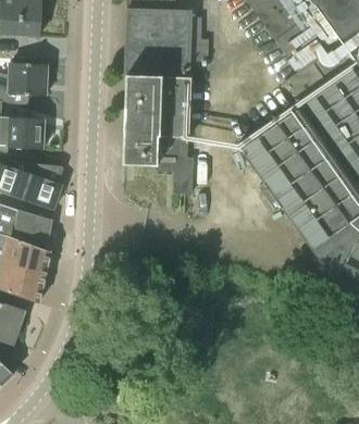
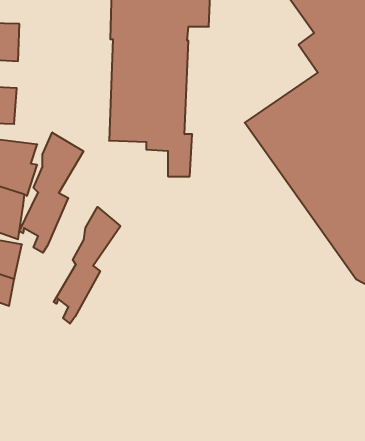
building: none -> [19,132,83,253]
building: none -> [54,207,120,324]

